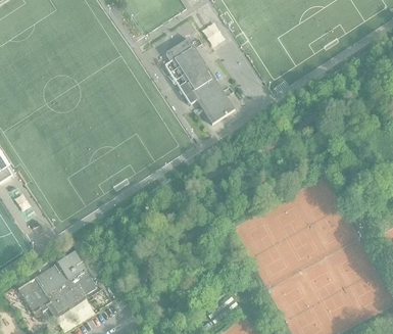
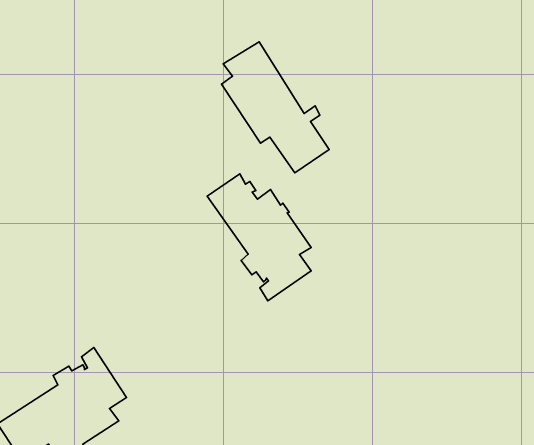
building: none -> [207,174,311,301]

